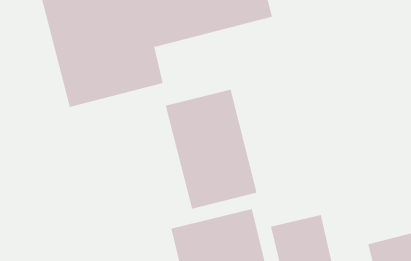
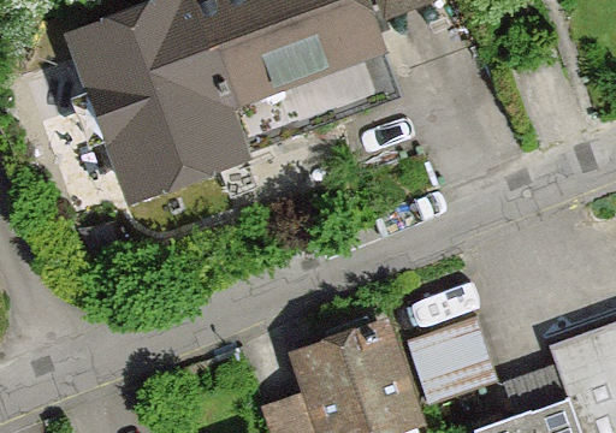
building: [165,89,257,210] -> none

